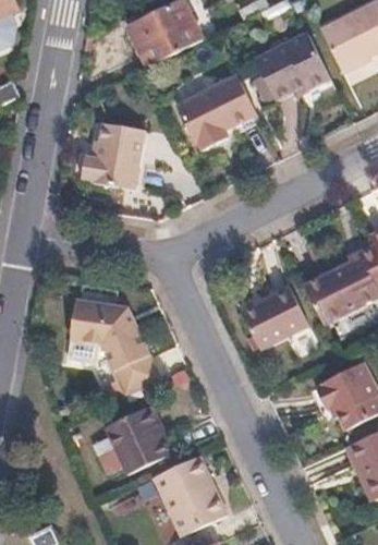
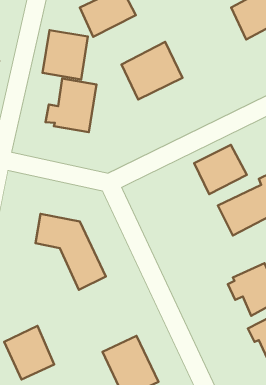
building: [252,28,328,97] -> none
building: none -> [43,30,88,79]
building: [241,287,309,351] -> [194,145,247,194]
building: [105,405,170,475] -> [4,326,54,379]

